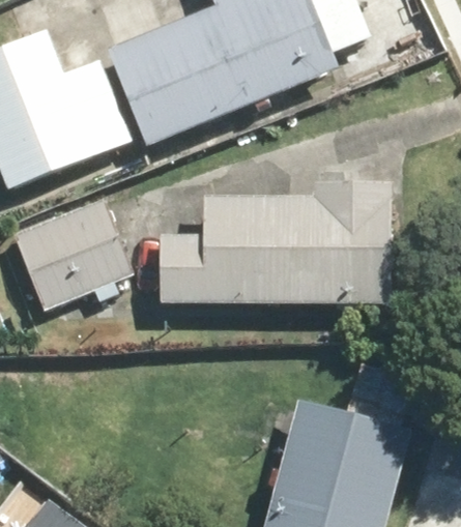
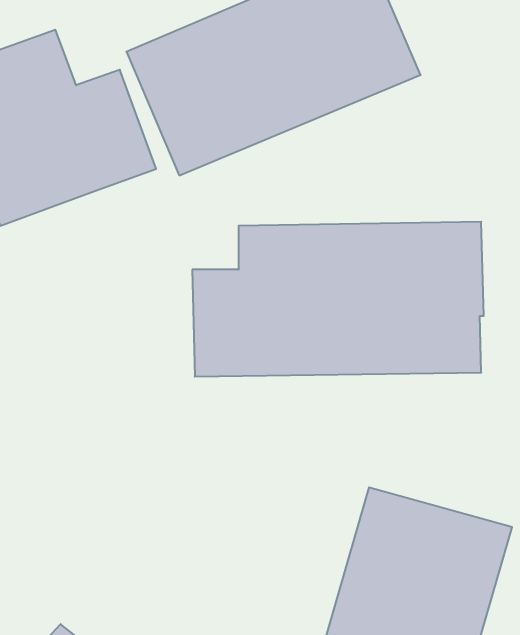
building: [22,203,127,308] -> none

